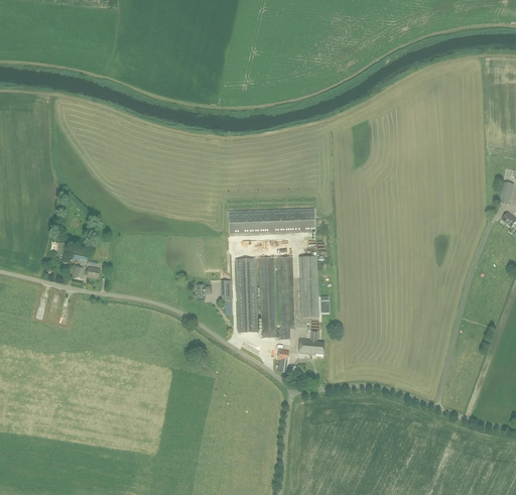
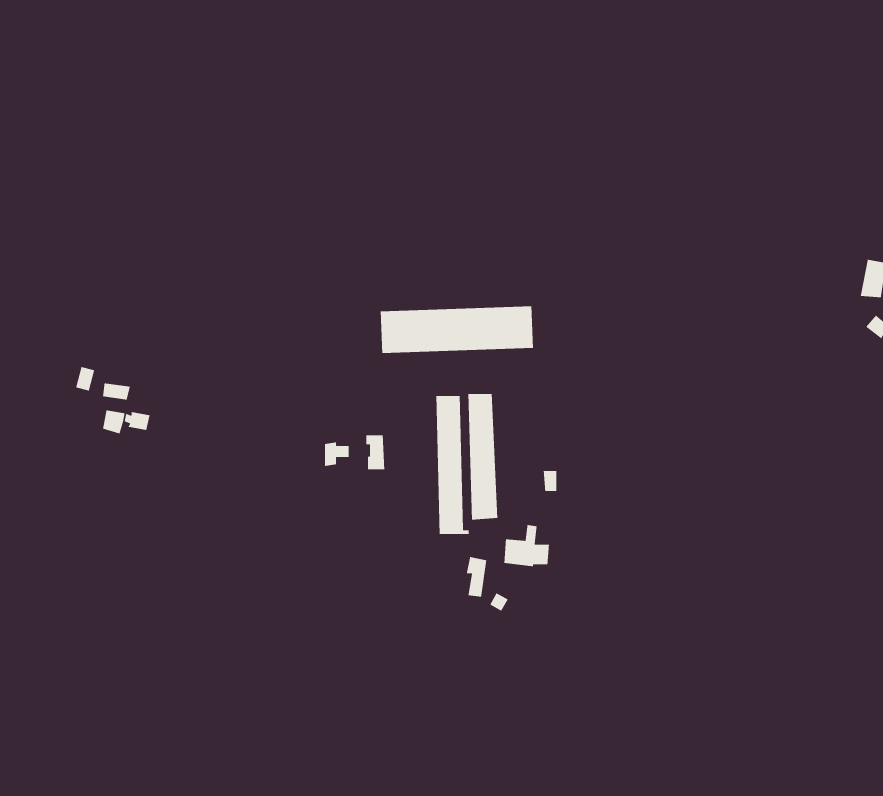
building: [298,255,317,317] -> none
building: [235,257,257,332] -> none

